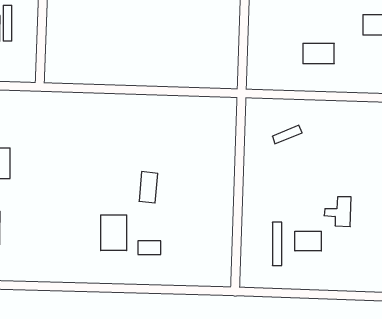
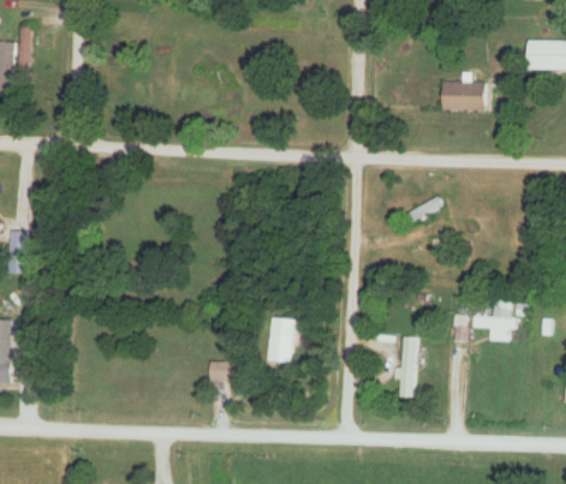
building: [139,172,158,203] -> [267,318,293,363]
building: [101,215,127,251] -> none
building: [295,231,321,251] -> none

